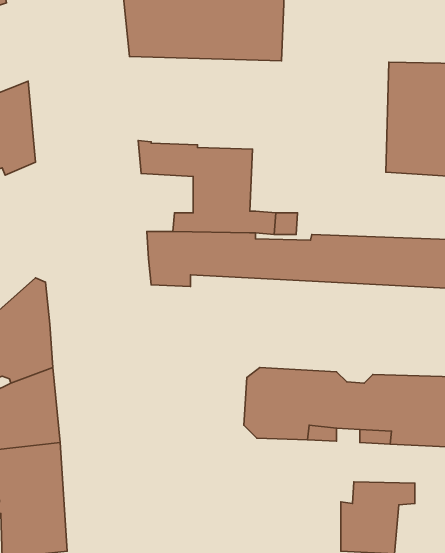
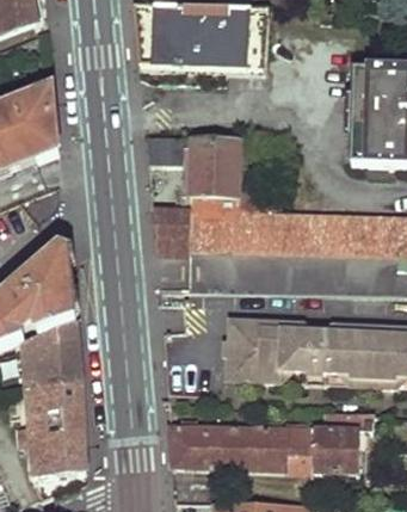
building: none -> [168,425,312,468]

